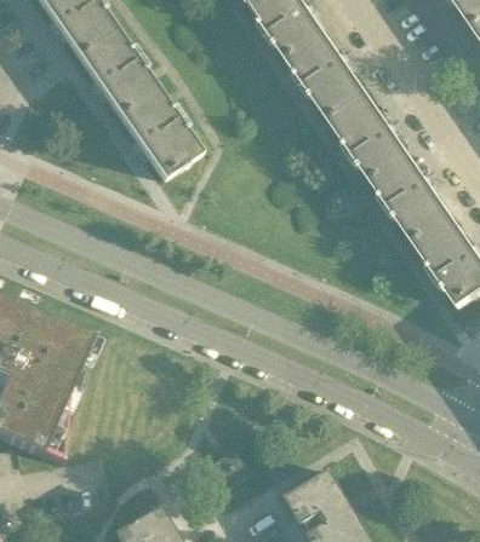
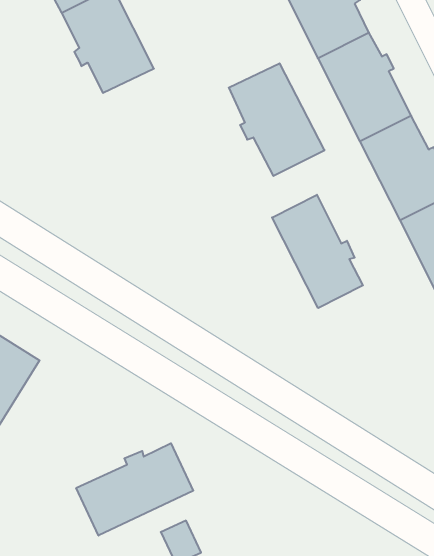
building: [118,90,202,181] -> [229,63,325,176]
building: none -> [272,195,363,308]
building: none -> [76,443,193,536]

